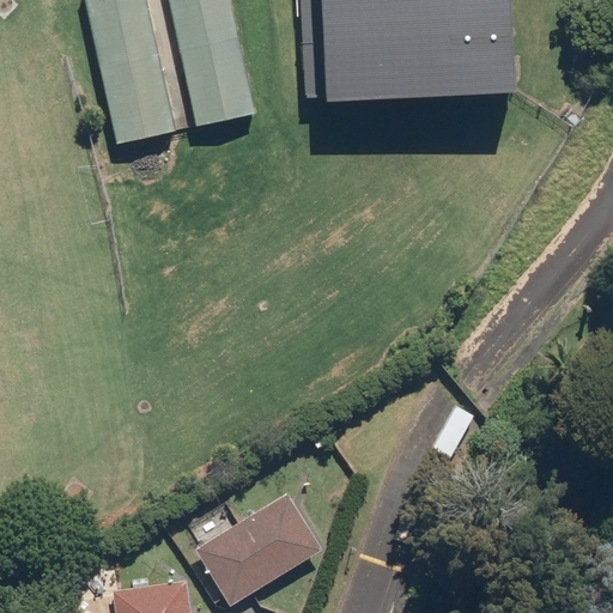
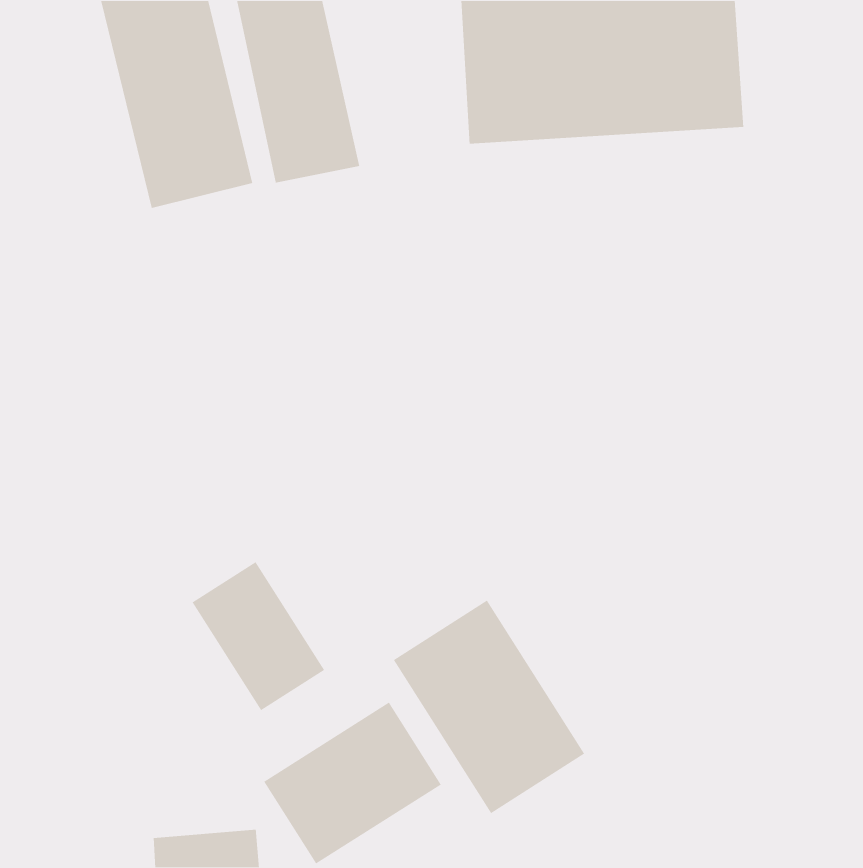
building: none -> [192,561,325,711]
building: none -> [393,599,585,814]

